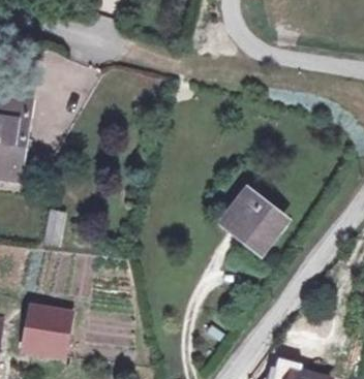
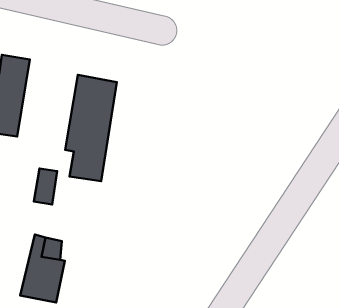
building: none -> [65,75,117,181]
building: [226,194,279,247] -> none

